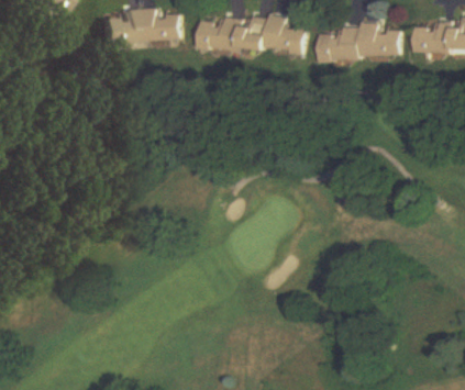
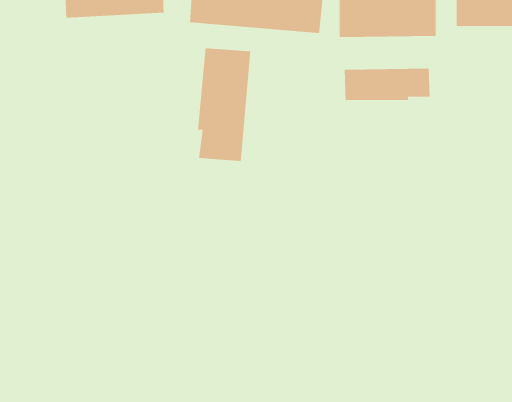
building: none -> [197,48,251,162]
building: none -> [344,68,431,101]

